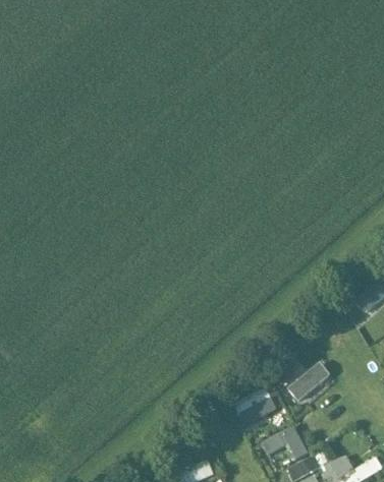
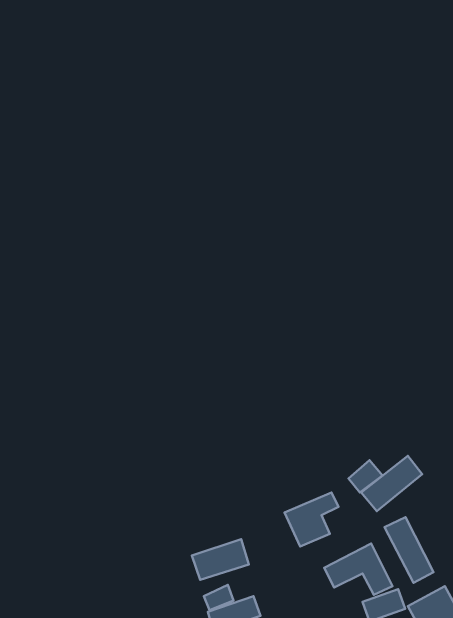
building: none -> [384,517,433,583]
building: none -> [192,539,249,580]

